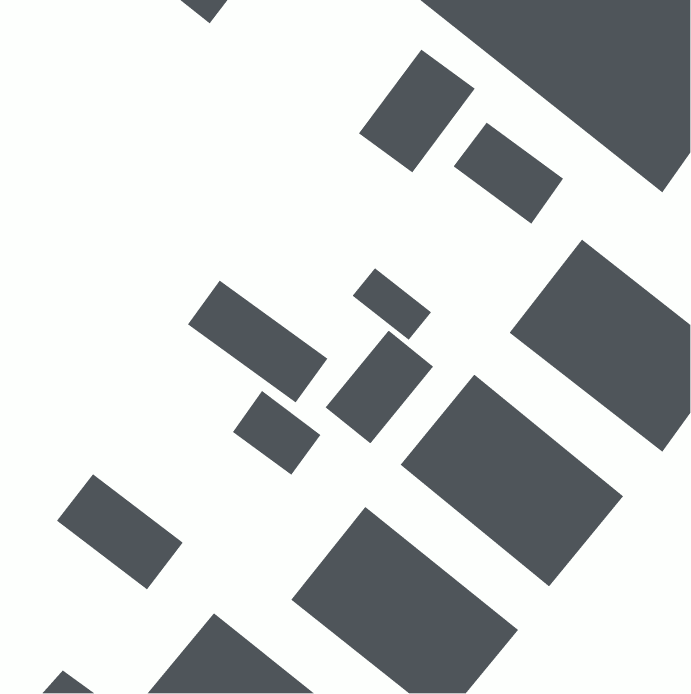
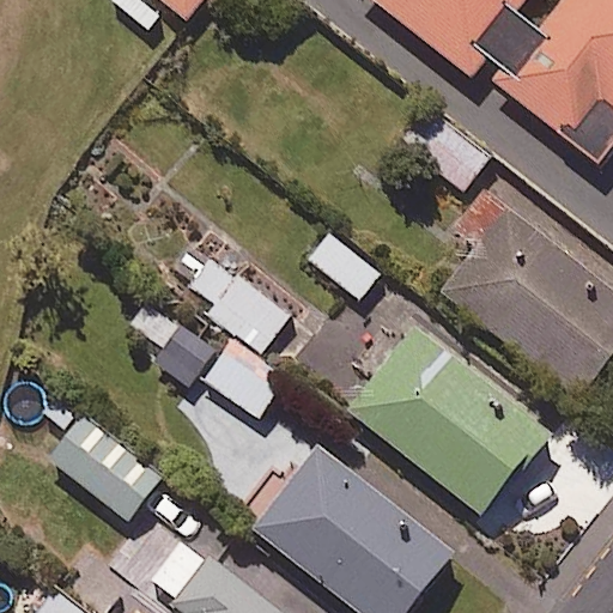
building: [358,48,476,174] -> none
building: [325,329,434,445] -> none

